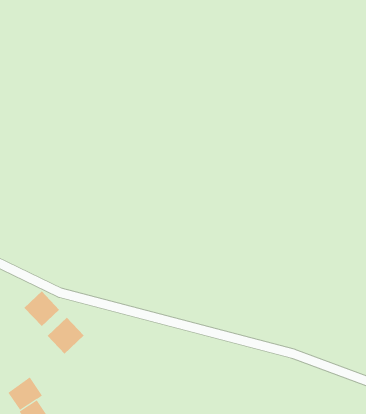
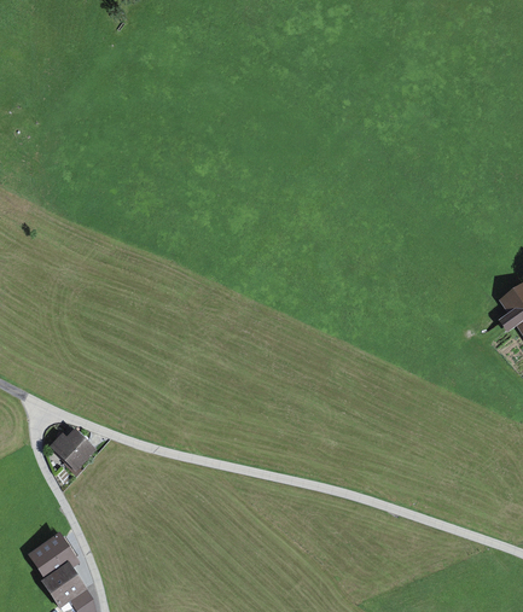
building: [47,317,84,354] -> none

